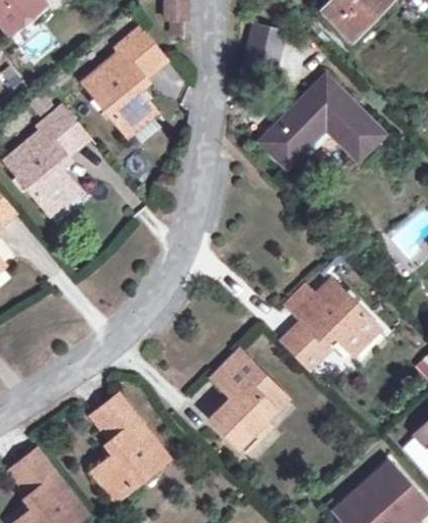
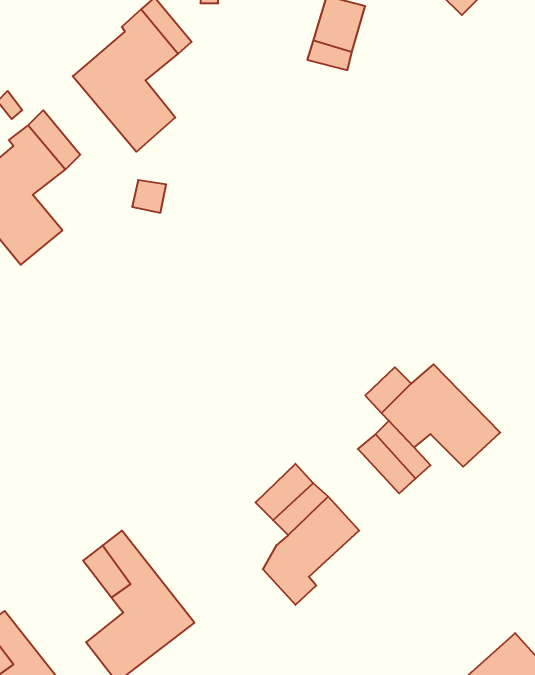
building: [259,76,384,165] -> none

